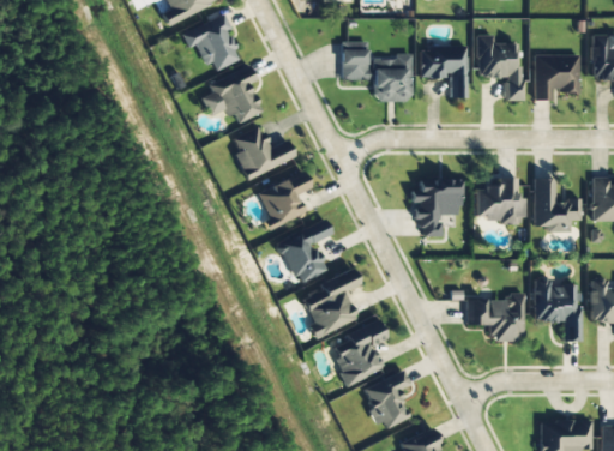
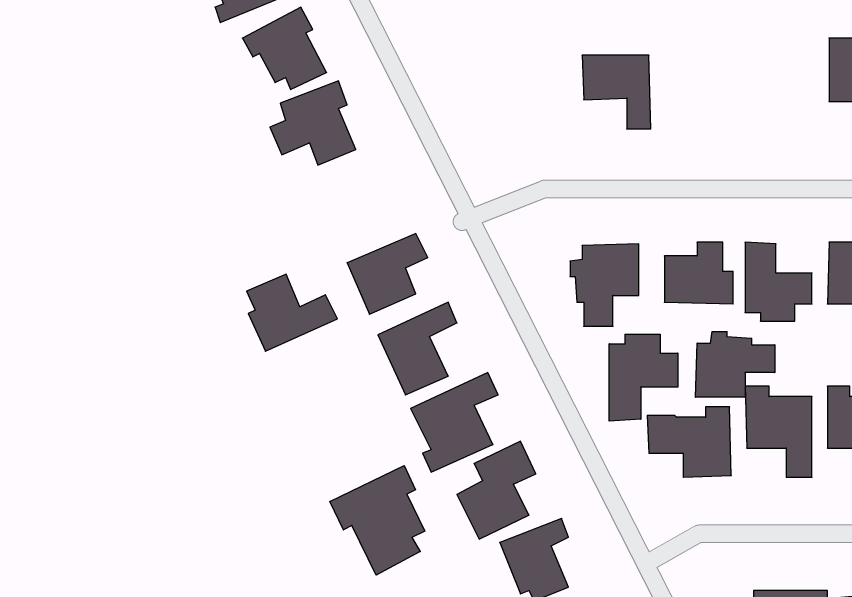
building: [477,35,522,101] -> none
building: [342,49,411,102] -> none
building: [534,54,579,101] -> none
building: [233,126,296,180] -> [247,274,337,351]
building: none -> [696,332,775,397]
building: none -> [609,334,678,421]
building: none -> [330,466,425,575]

